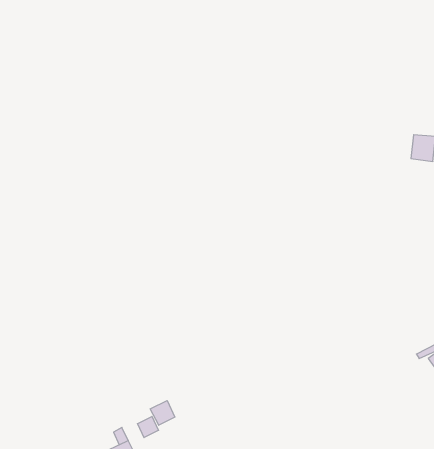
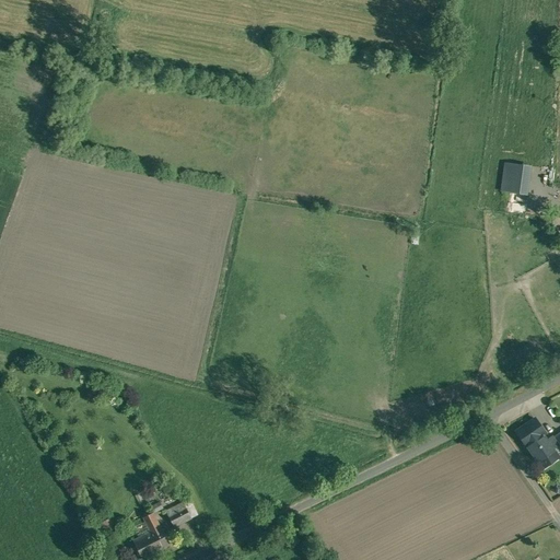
building: [150,401,175,425] -> none

